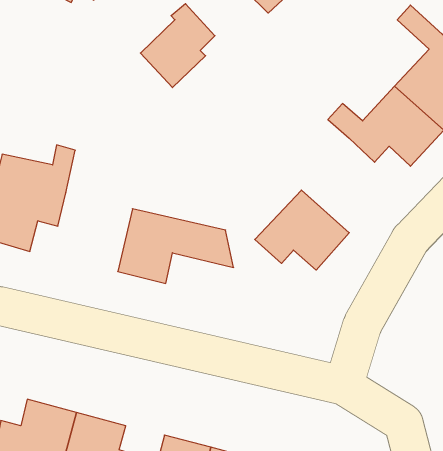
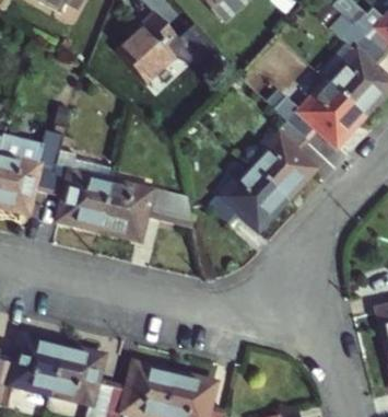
building: none -> [249,120,316,198]
building: none -> [49,165,110,230]

